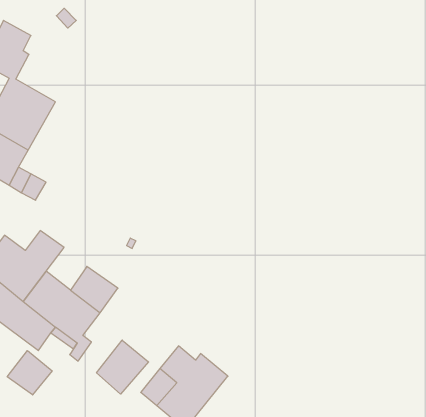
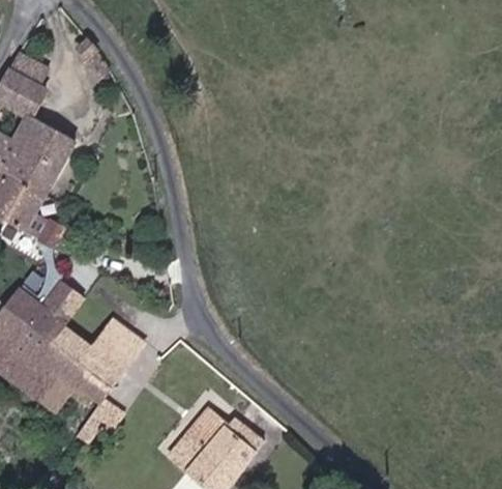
building: [97,340,149,394] -> none
building: [7,351,52,395] -> none

